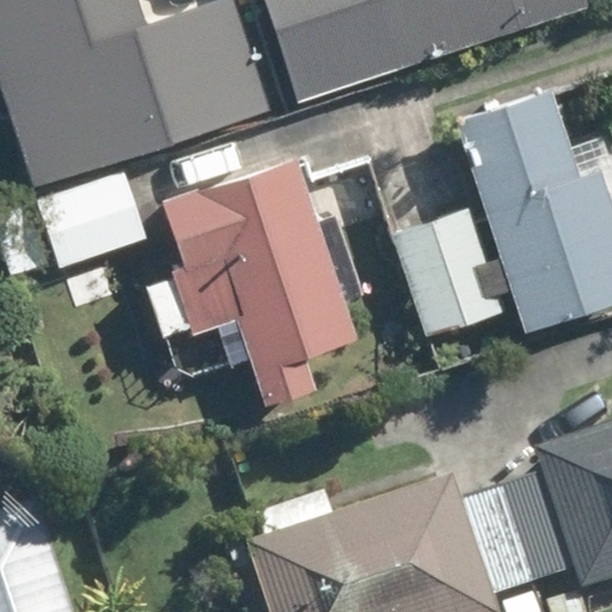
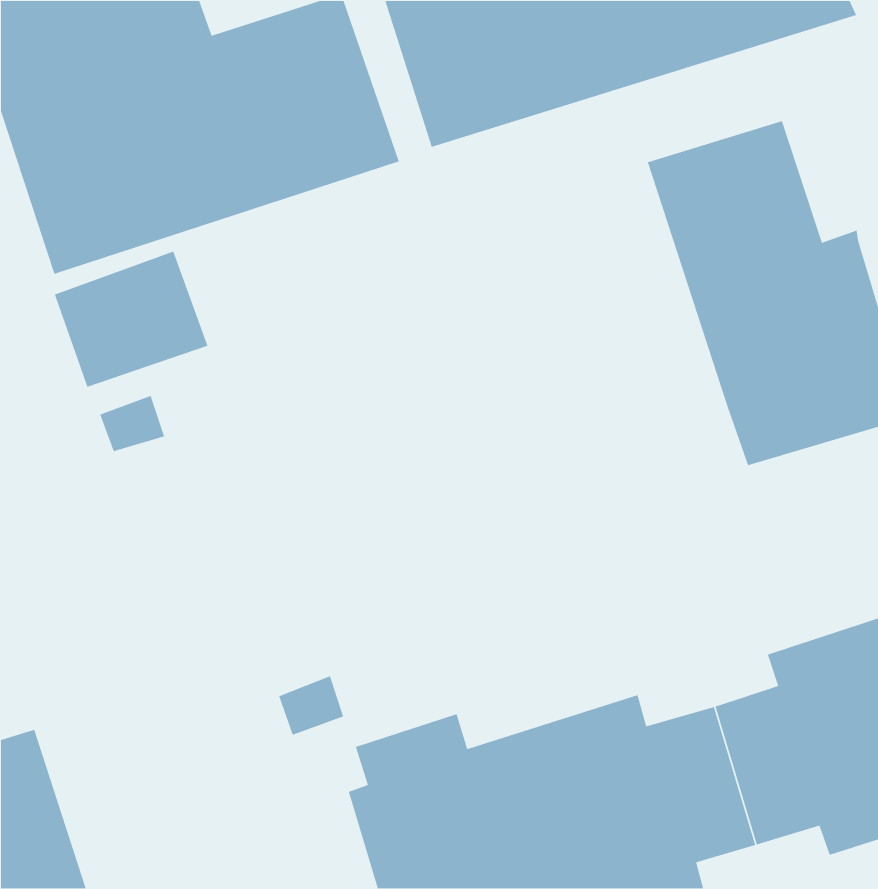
building: [140,148,349,398] -> none
building: [387,200,497,341] -> none

